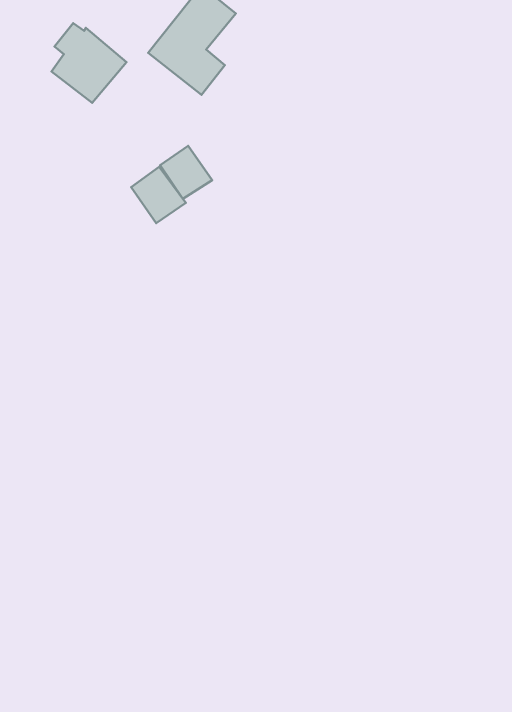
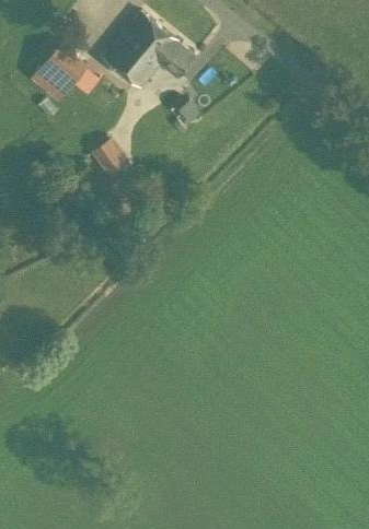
building: none -> [146,33,196,80]
building: [160,146,212,199] -> none

